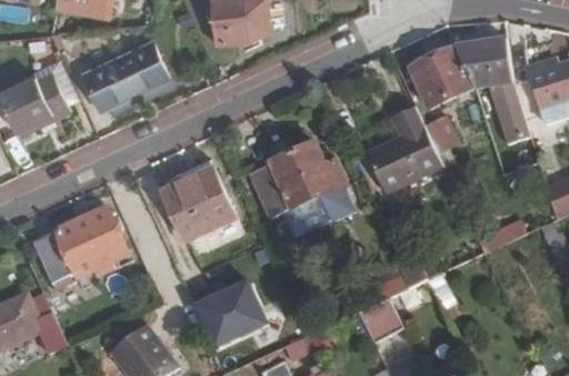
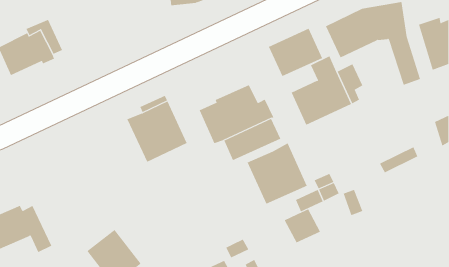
building: [82,41,169,111] -> none
building: none -> [268,28,323,77]
building: [31,207,127,284] -> none
building: none -> [247,143,308,204]
building: [191,281,267,349] -> none

